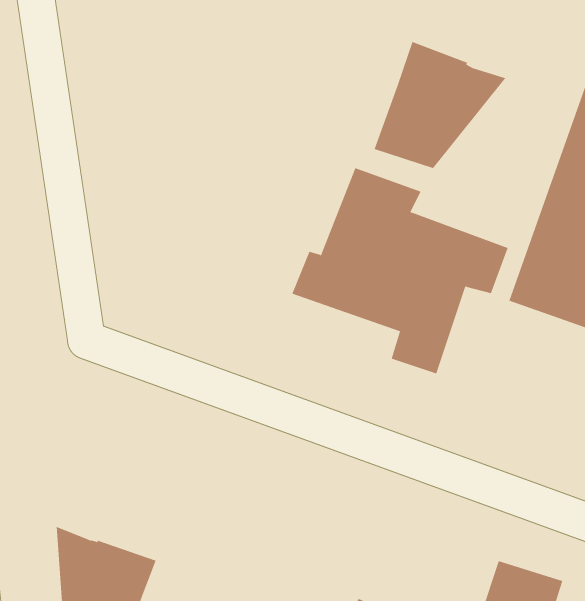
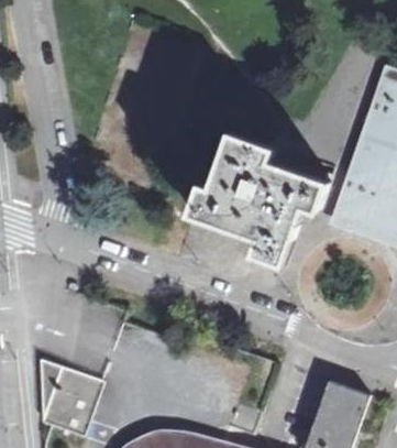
building: [374,41,506,169] -> none

